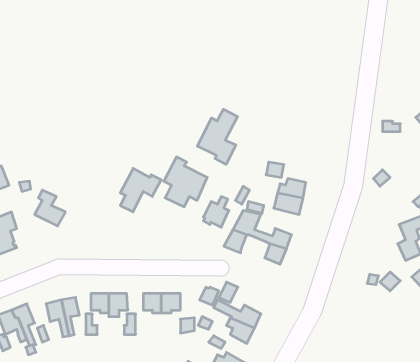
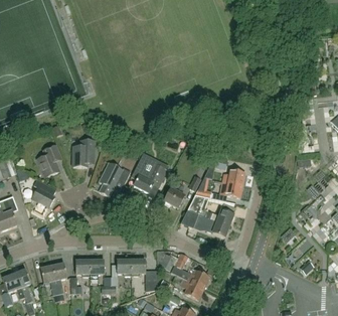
building: [197,109,238,164] -> none
building: none -> [73,140,95,167]
building: none -> [37,145,61,177]

